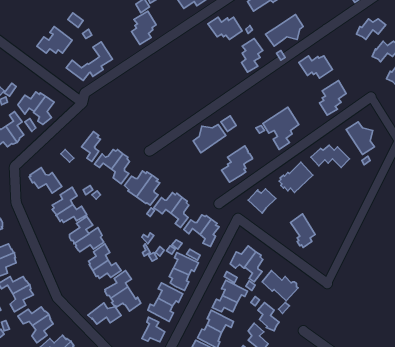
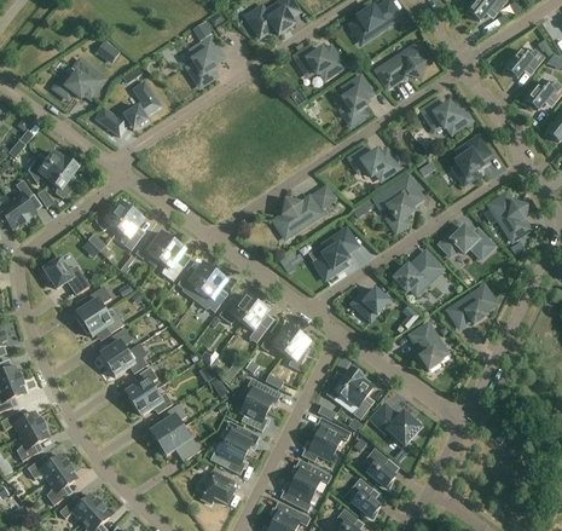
building: none -> [350,149,398,178]
building: none -> [95,201,134,230]
building: none -> [448,285,496,327]
building: [88,303,121,324] -> none

